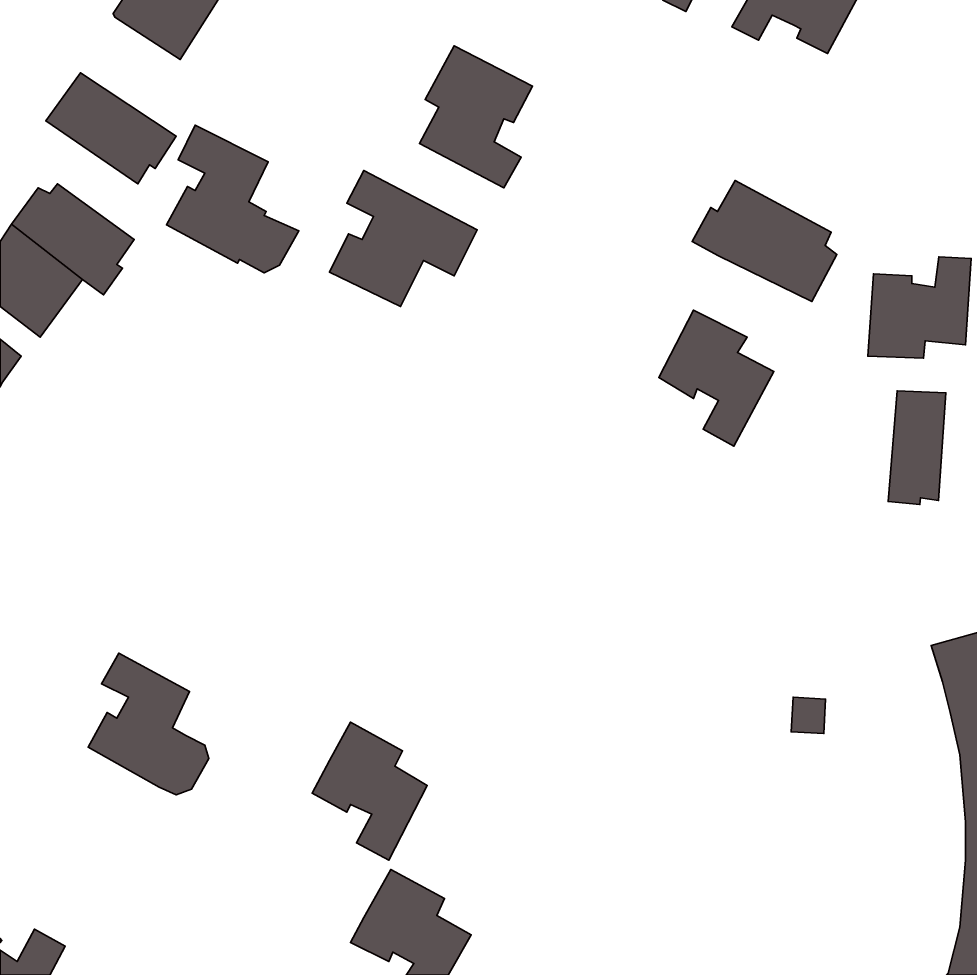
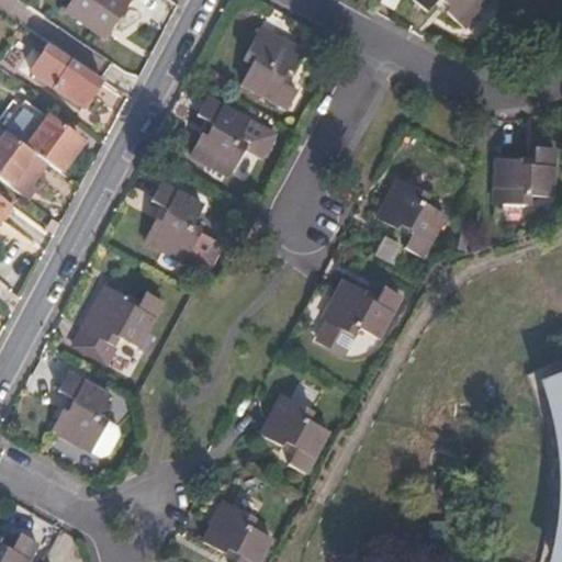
building: [167,125,299,273] -> [145,183,221,268]
building: [692,180,837,302] -> none
building: [888,391,946,505] -> none
building: none -> [322,279,403,350]
building: none -> [75,285,162,364]
building: [312,722,427,860] -> [263,391,329,470]

